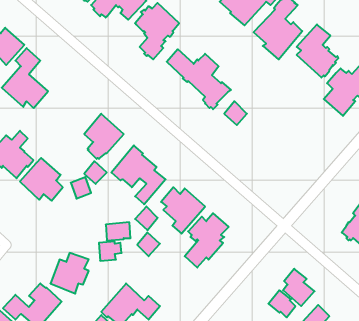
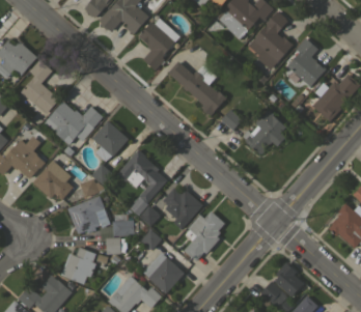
building: none -> [44,102,103,145]
building: none -> [243,110,286,154]
building: none -> [67,196,106,234]
building: none -> [146,252,186,295]

